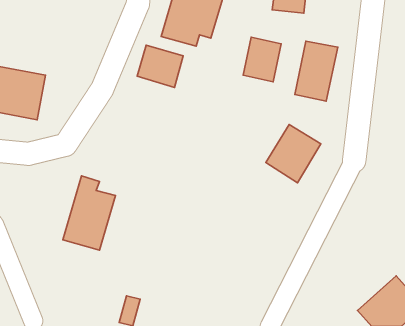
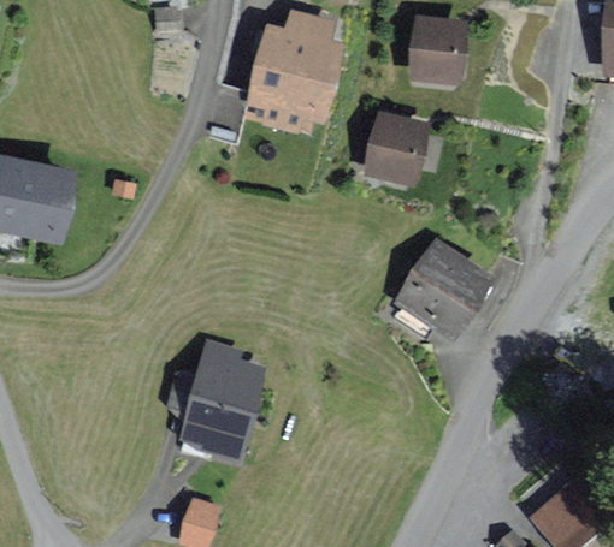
building: [295,41,338,101] -> none
building: [137,45,183,87] -> none
building: [63,176,116,250] -> [181,341,259,452]

